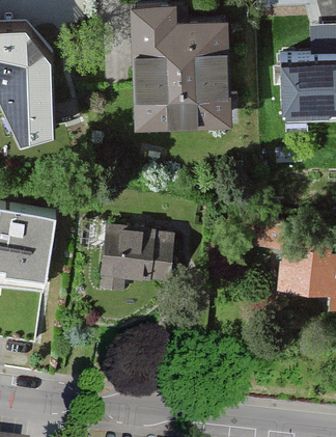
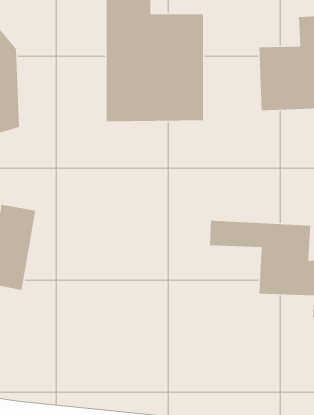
building: [87,233,180,299] -> none

